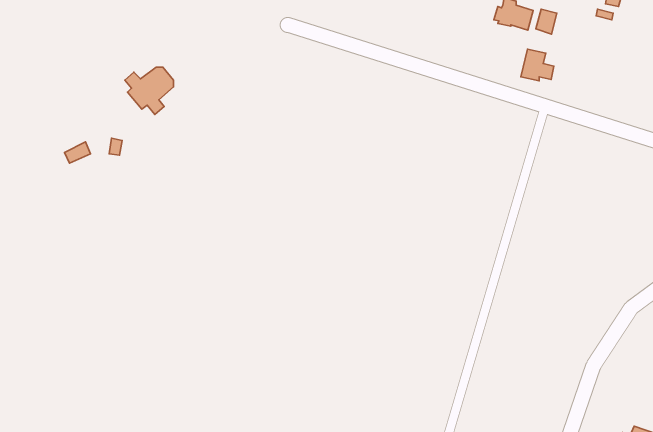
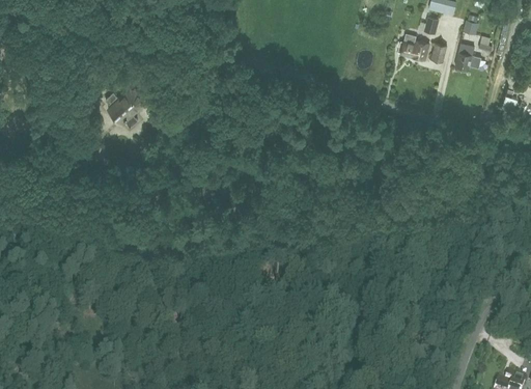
building: [521,49,554,81] -> [455,44,481,68]

